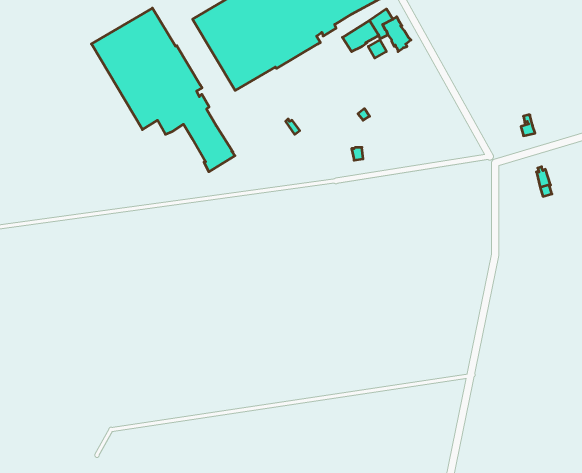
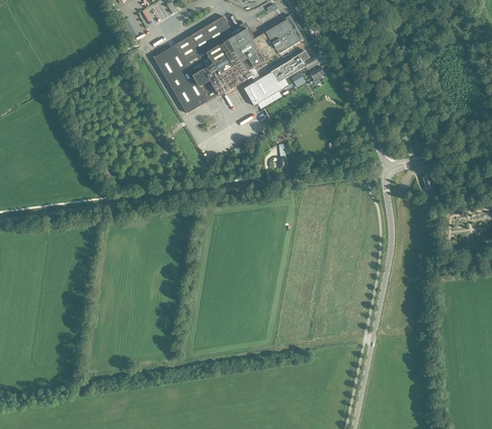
building: [91,8,235,172] -> none
building: none -> [242,71,290,105]

